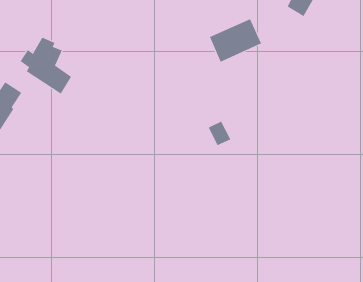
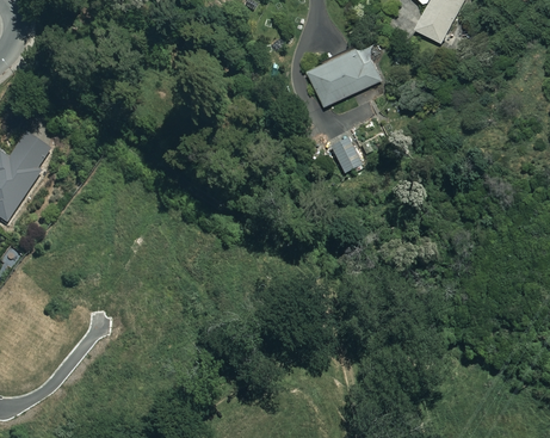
building: [20,37,72,94] -> none
building: [208,121,231,146] -> [329,138,361,173]

